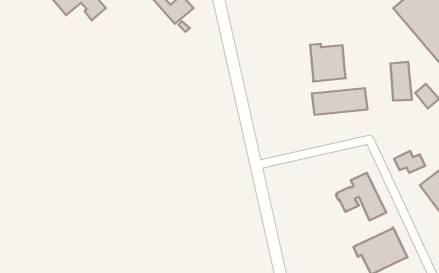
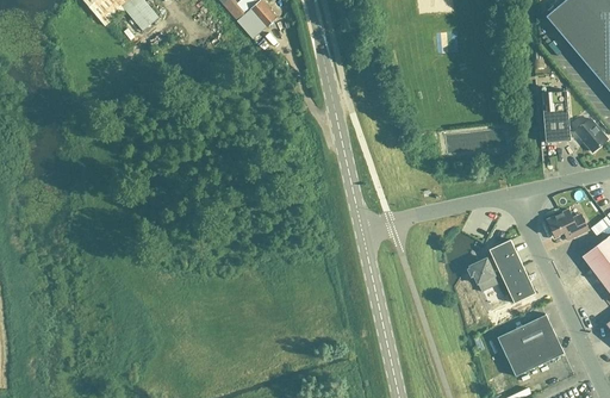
building: [310,44,346,82] -> none

